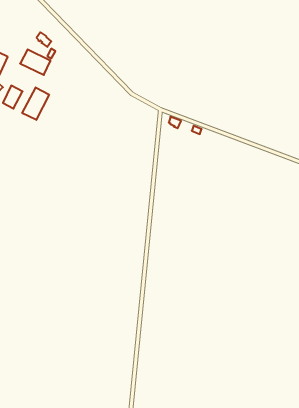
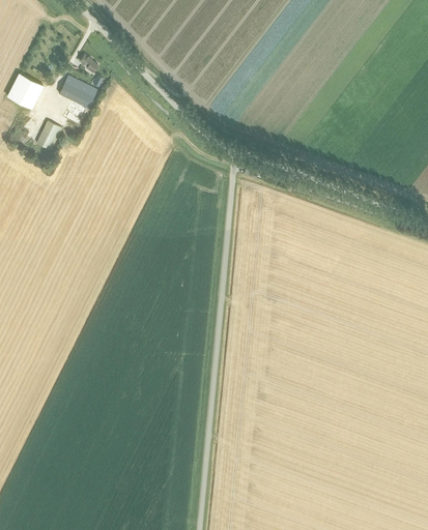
building: [22,87,49,120] -> none

